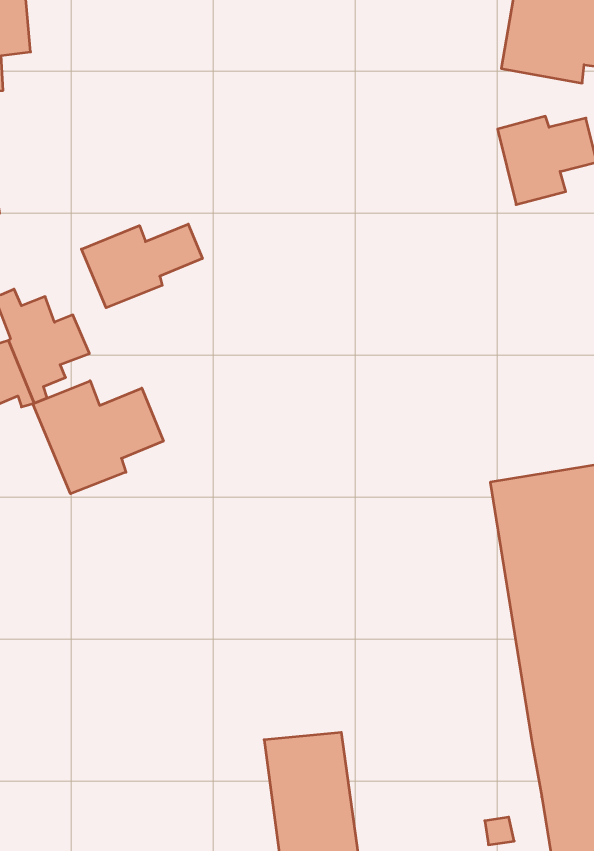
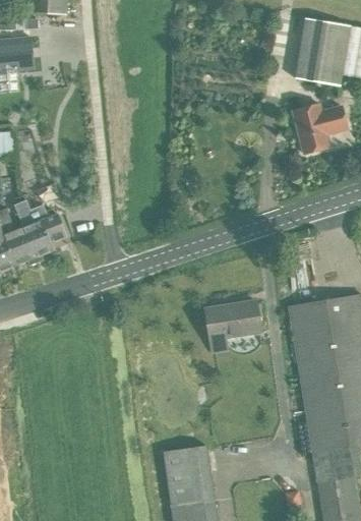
building: [81,224,202,308] -> none
building: [33,381,163,494] -> none
building: none -> [205,300,261,351]

